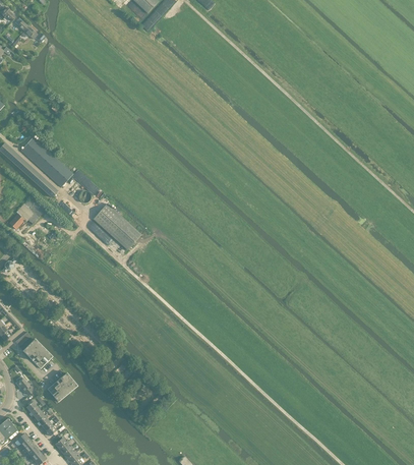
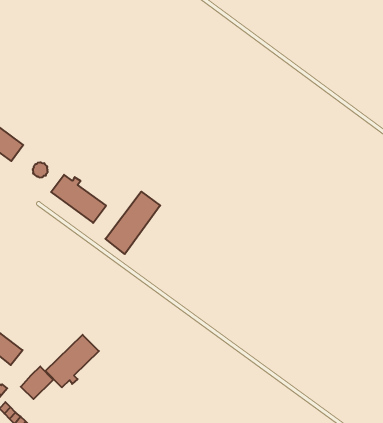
building: none -> [105,192,160,254]
building: none -> [46,335,99,387]

